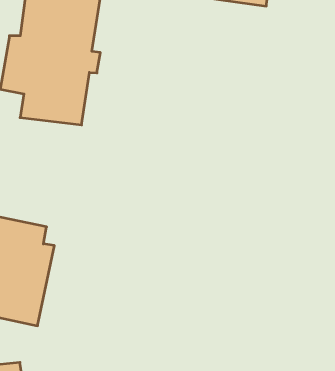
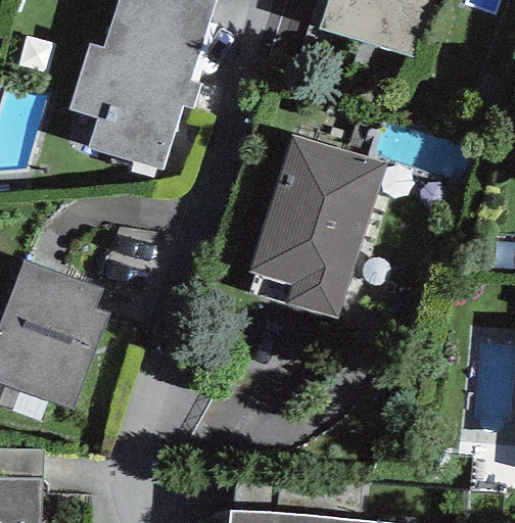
building: none -> [250,136,383,320]

